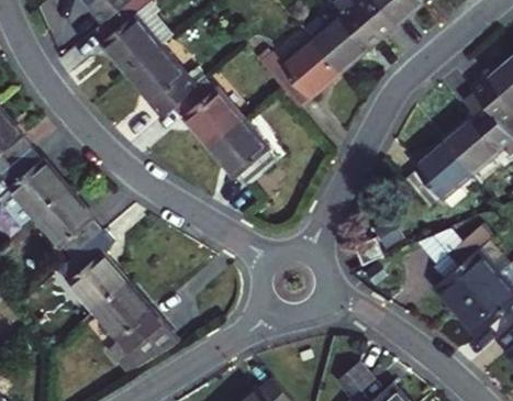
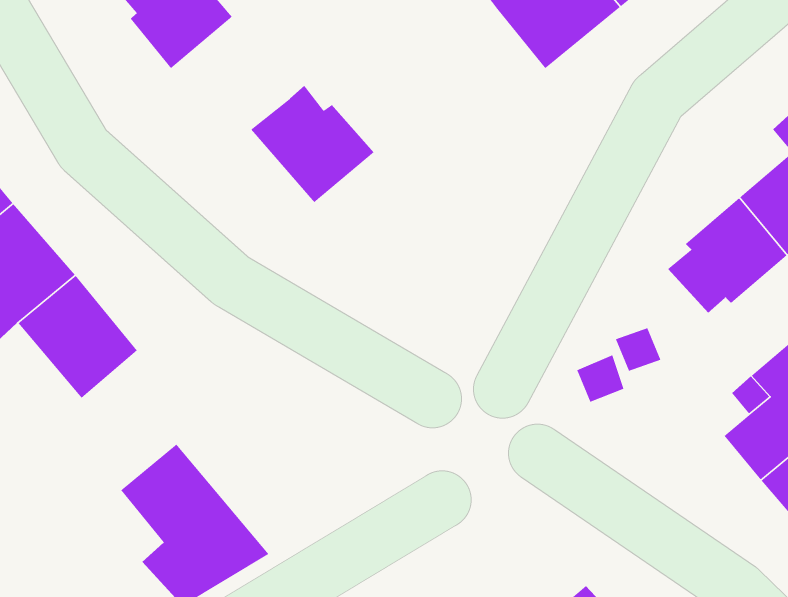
building: [260,38,336,105] -> none
building: [124,43,191,114] -> none
building: [205,120,272,190] -> none
building: [60,232,127,311] -> none

